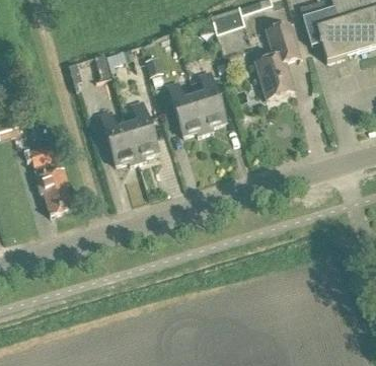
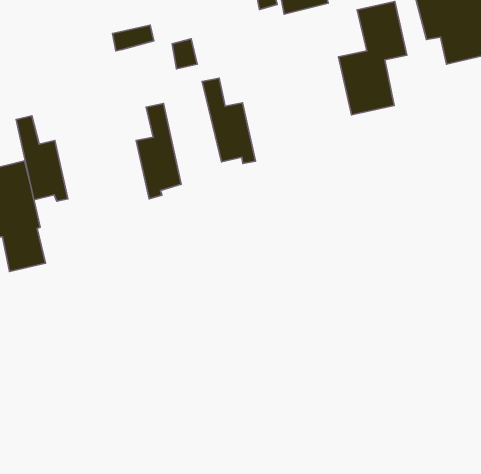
building: [195,70,226,133] -> none
building: [100,109,138,164] -> [16,116,68,201]

